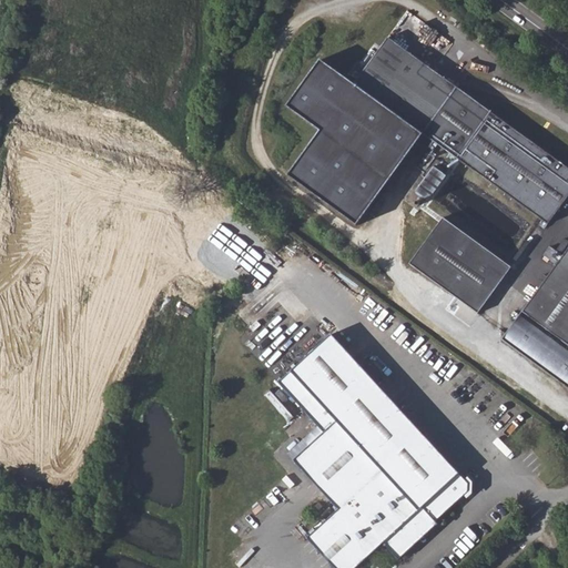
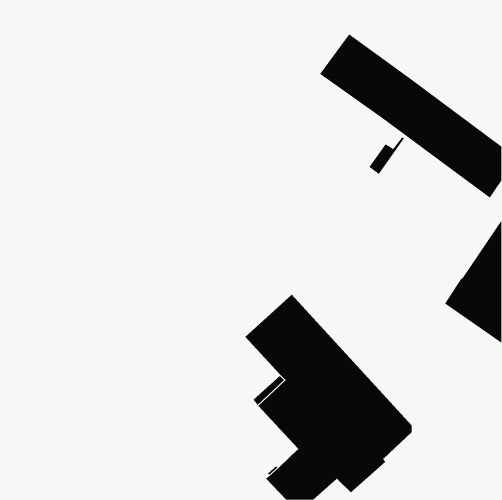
building: [295,61,430,224] -> none
building: [409,220,511,317] -> none

